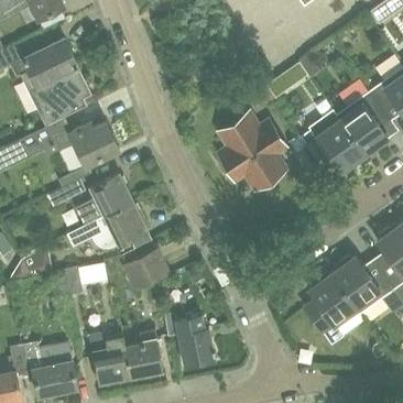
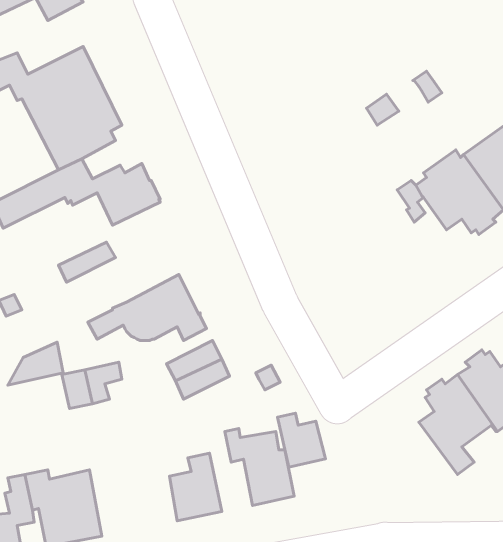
building: [218,113,285,189] -> none
building: [76,172,132,226] -> none
building: none -> [278,413,326,467]
building: [88,331,131,384] -> none

